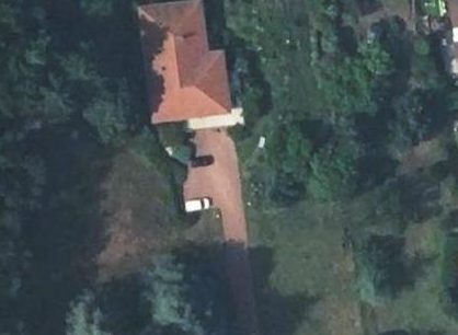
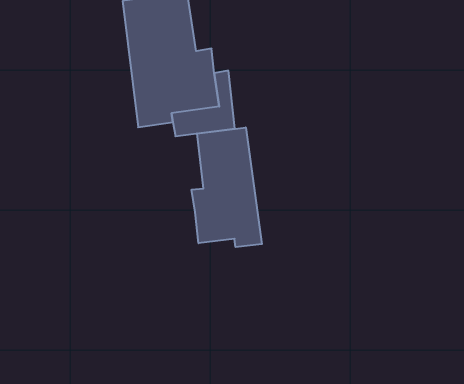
building: none -> [192,127,262,247]

